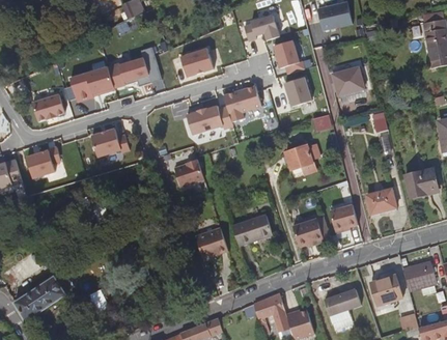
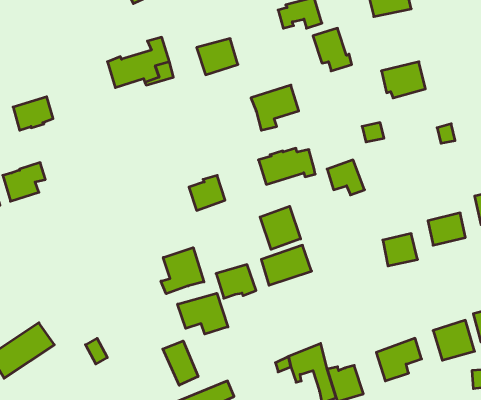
building: [69,66,114,102] -> none
building: [284,77,311,106] -> none
building: [187,105,232,134] -> [258,148,315,184]
building: [90,129,129,157] -> none
building: none -> [260,206,301,249]
building: none -> [161,248,204,294]
building: [291,218,323,246] -> none
building: none -> [178,293,228,334]
building: none -> [163,341,198,385]

